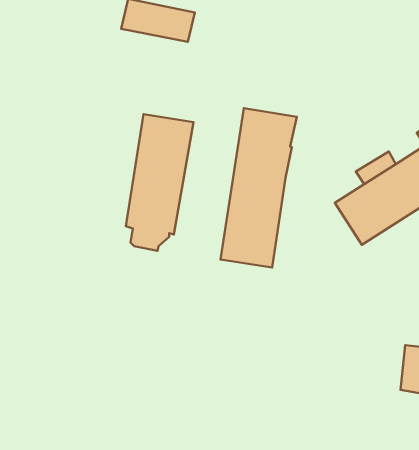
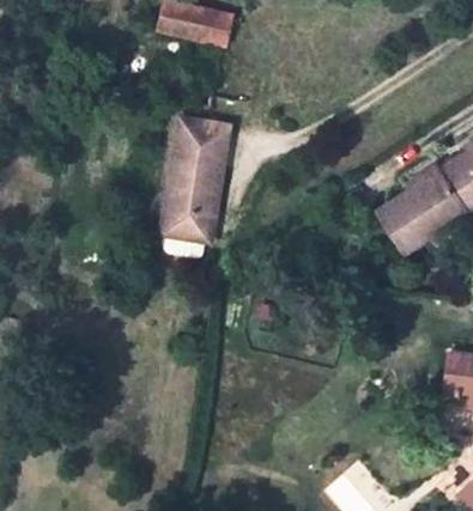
building: [220,108,297,268] -> none

